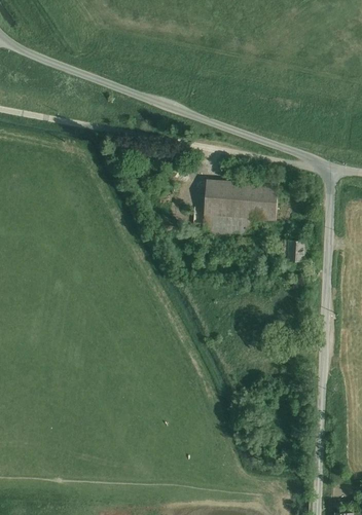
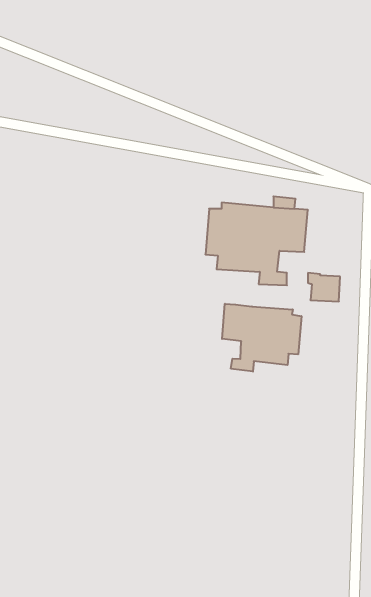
building: none -> [222,304,301,372]

